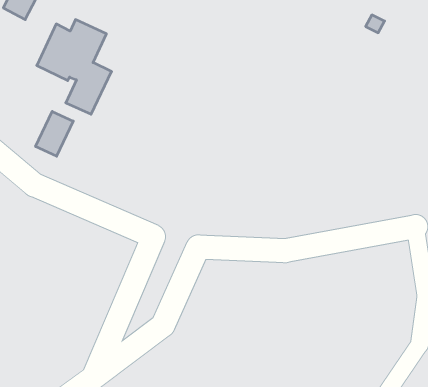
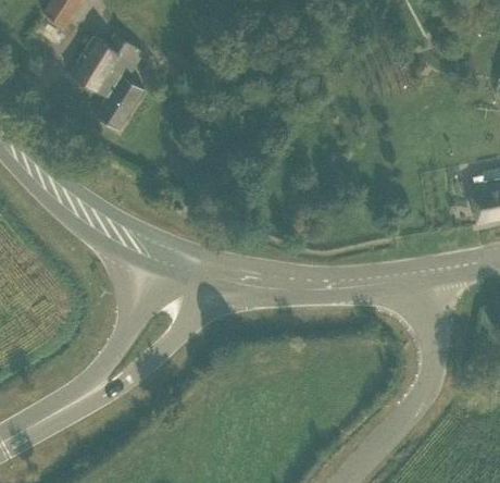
building: [36,111,73,156] -> none

